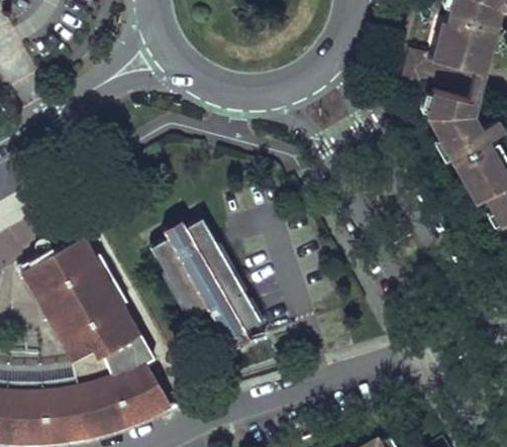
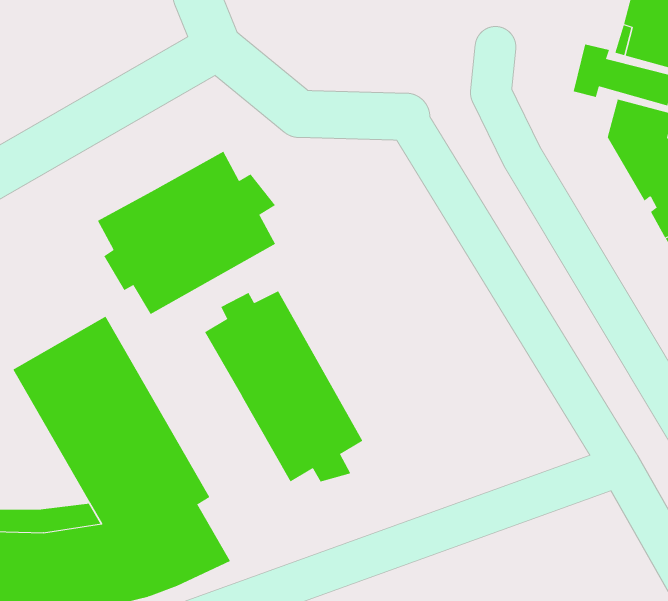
building: none -> [97,151,276,315]

